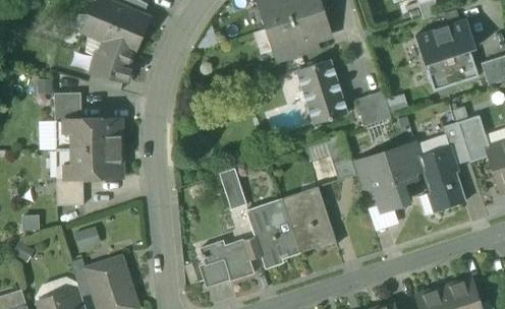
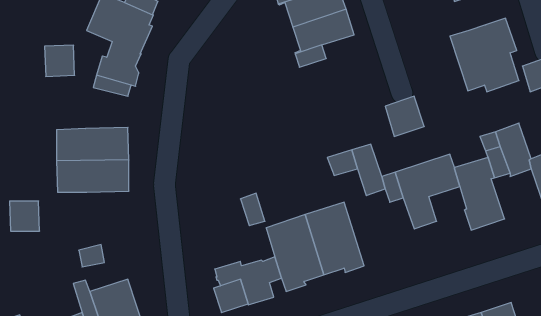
building: [296,59,346,123] -> none
building: [54,91,81,120] -> [45,45,75,76]
building: [56,177,83,204] -> [10,201,40,231]

